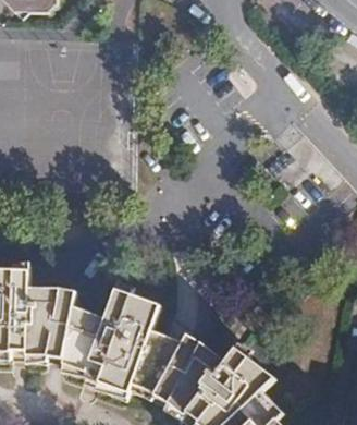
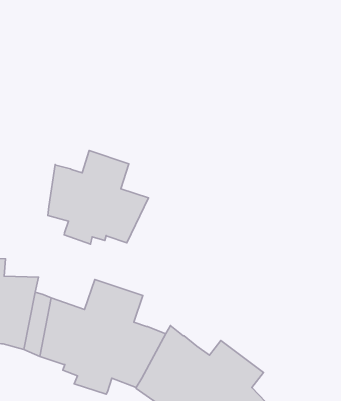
building: none -> [48,150,149,244]

